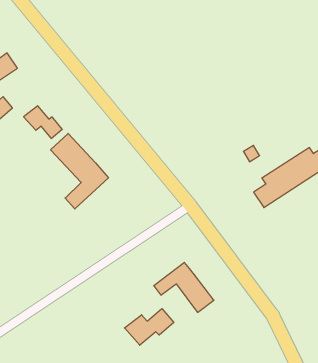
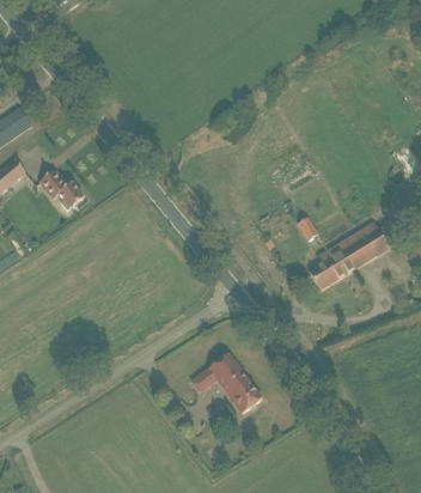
building: [51,133,108,209] -> none
building: [124,309,174,345] -> none

